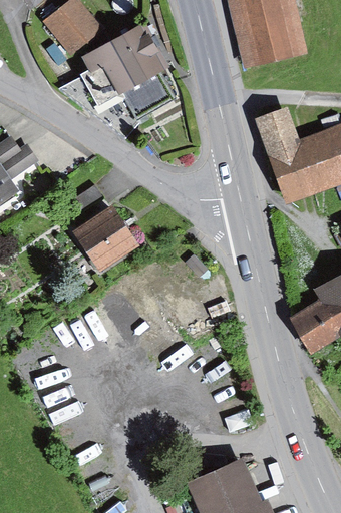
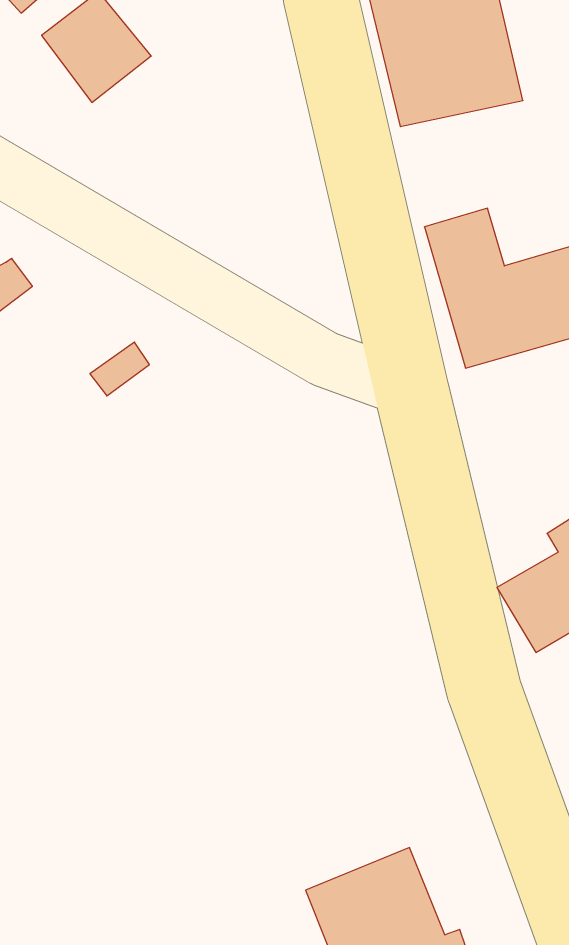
building: [81,20,172,115] -> none
building: [73,205,138,271] -> none

